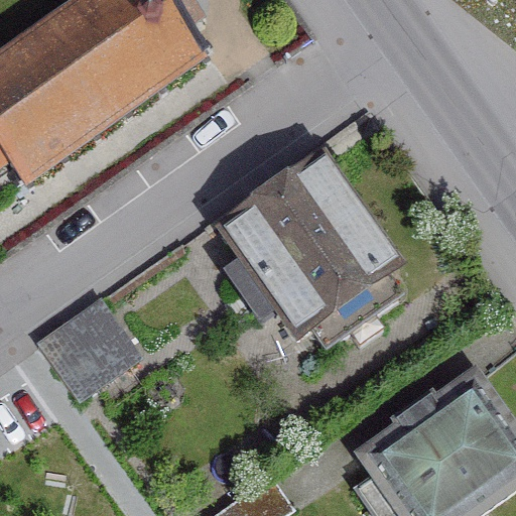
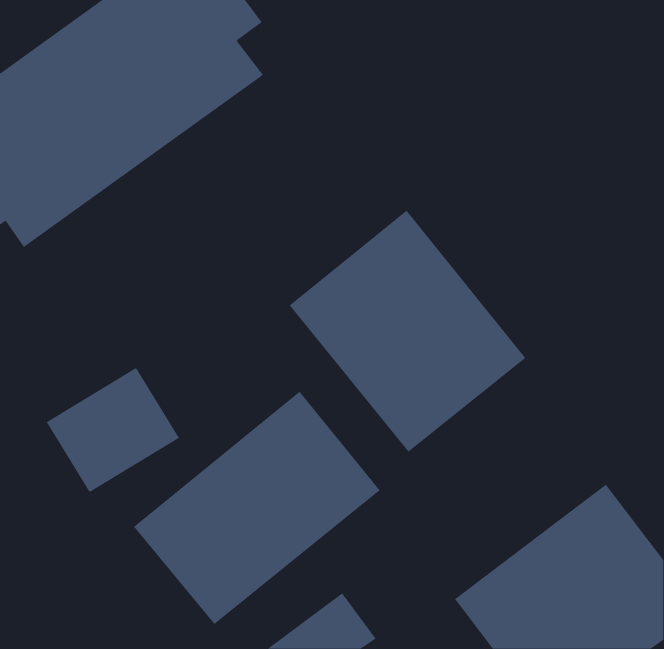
building: none -> [133,391,380,625]

